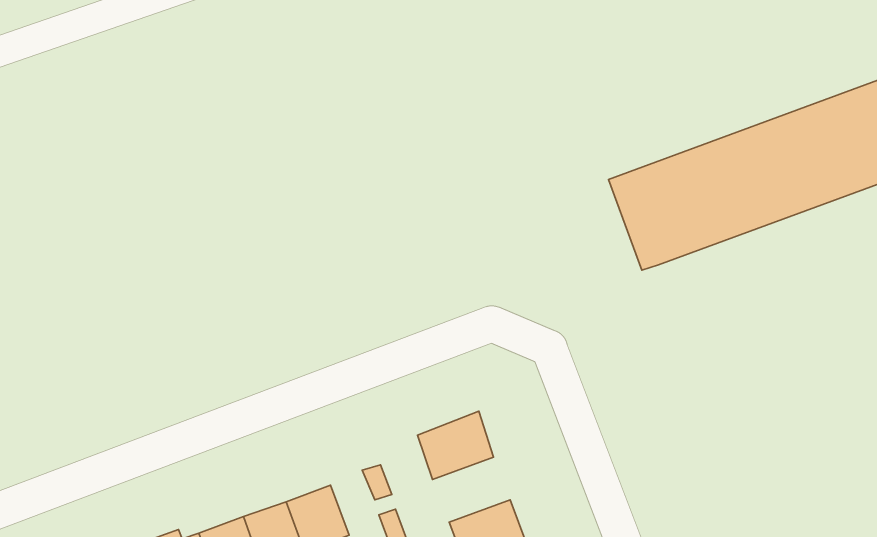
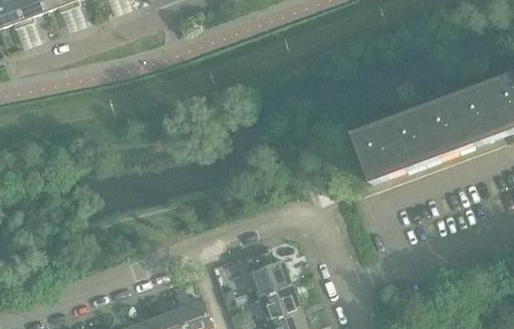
building: none -> [256,283,298,318]

